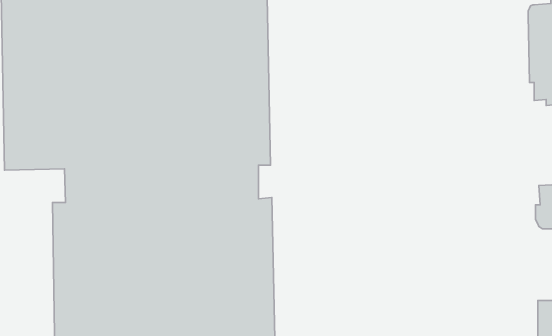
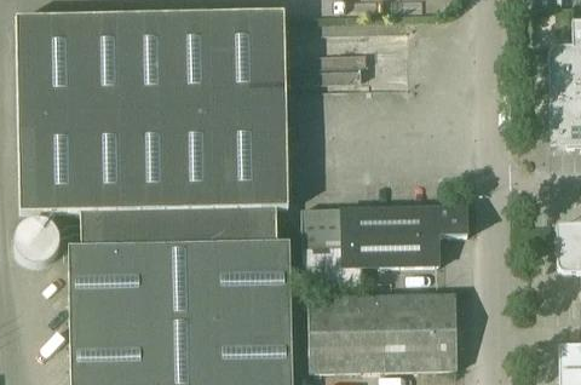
building: none -> [303,205,468,286]
building: none -> [310,292,458,370]

